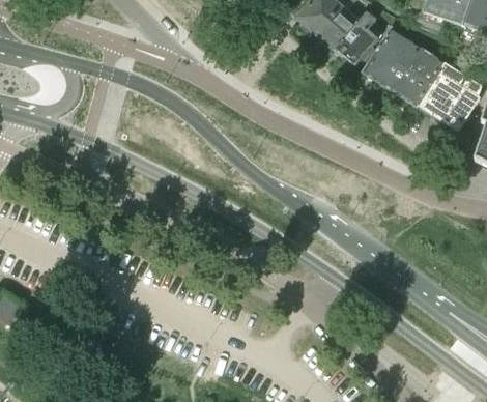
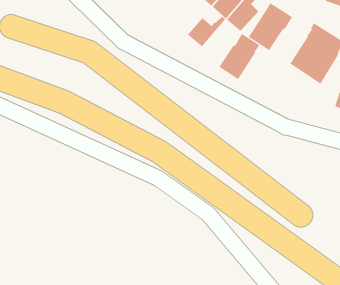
building: none -> [187,16,226,47]
building: [390,47,443,107] -> [218,33,260,80]

